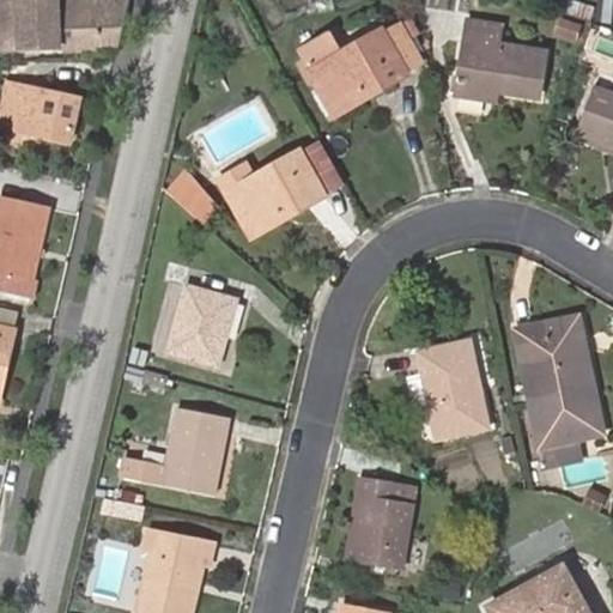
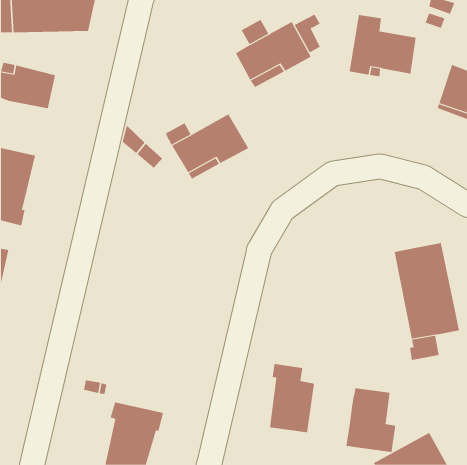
building: [170,286,235,363] -> none
building: [419,339,487,437] -> none
building: [125,406,230,492] -> none
building: none -> [346,388,396,453]

